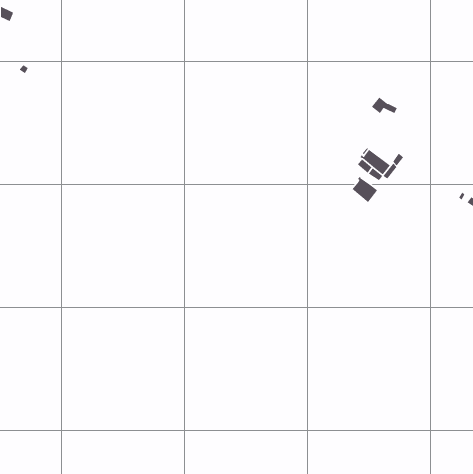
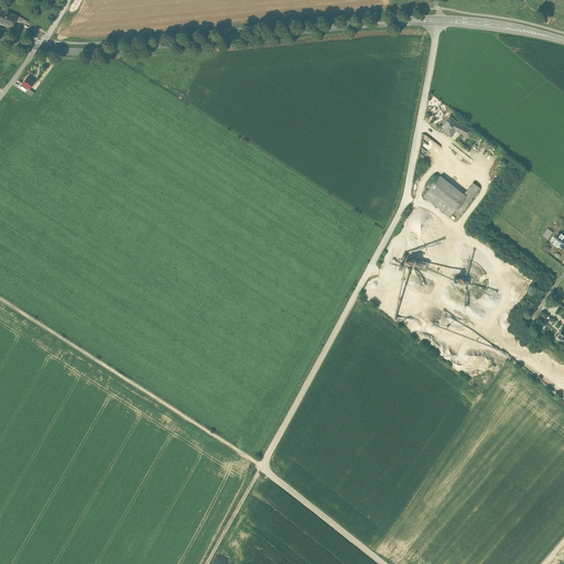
building: [351,176,378,203] -> none

